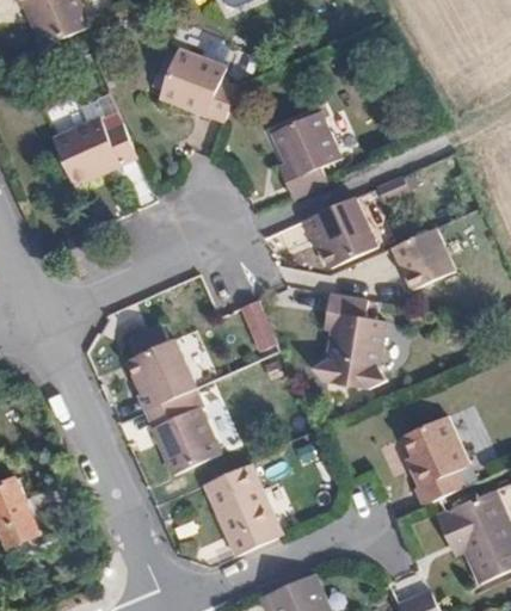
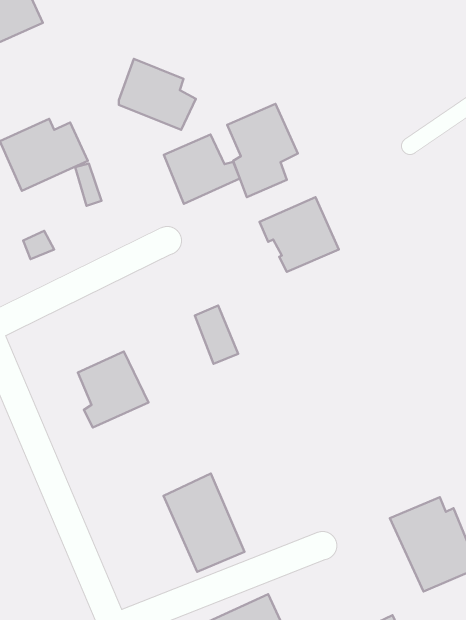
building: none -> [164,135,240,204]
building: [393,221,457,285] -> none
building: [309,296,394,395] -> none
building: [142,397,217,476] -> none
building: [384,402,475,501] -> none

